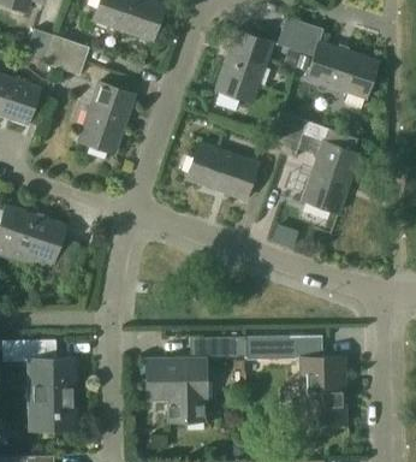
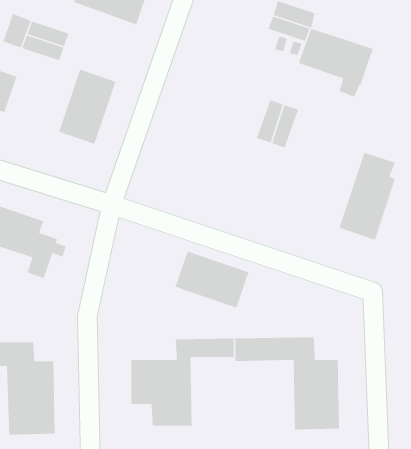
building: [216,31,272,102] -> none
building: [303,129,357,213] -> [339,152,396,241]
building: [186,143,257,199] -> [175,250,249,309]

